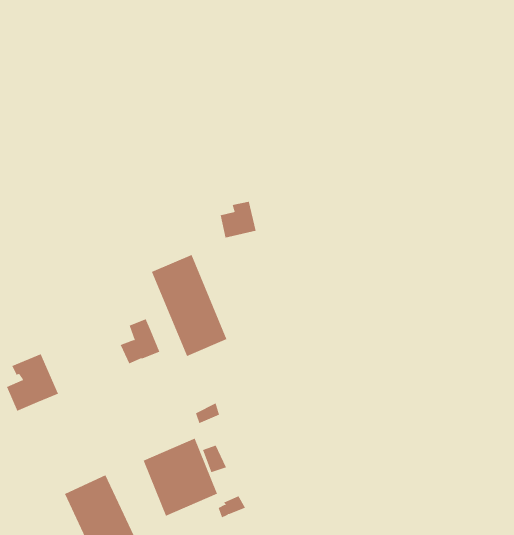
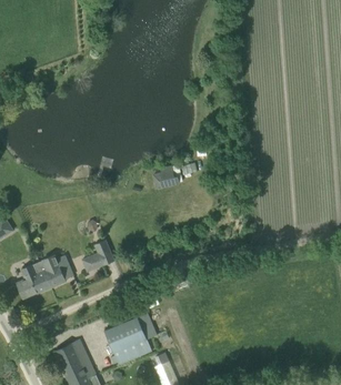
building: [151,254,227,357] -> none
building: none -> [39,255,73,287]

